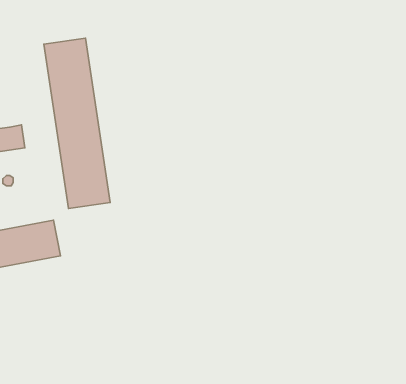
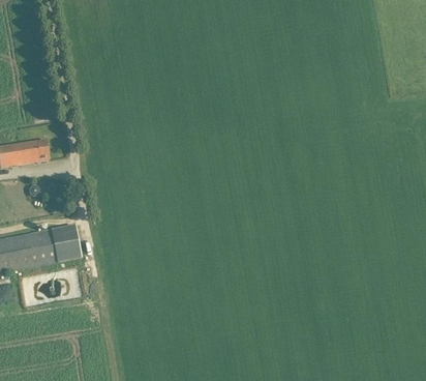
building: [44,38,110,208] -> none

